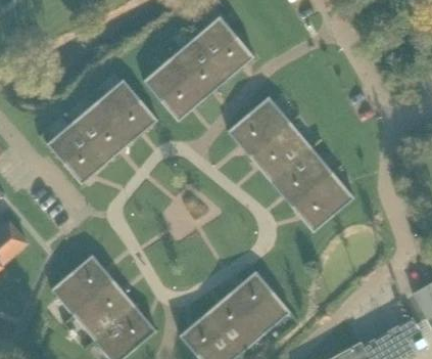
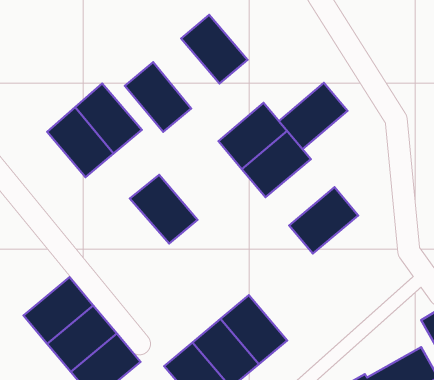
building: [169,38,229,101] -> none
building: [46,123,107,185] -> [130,175,197,243]
building: [271,147,333,208] -> [279,83,348,149]

